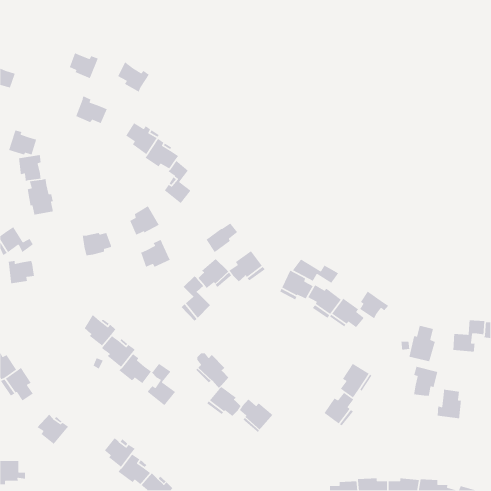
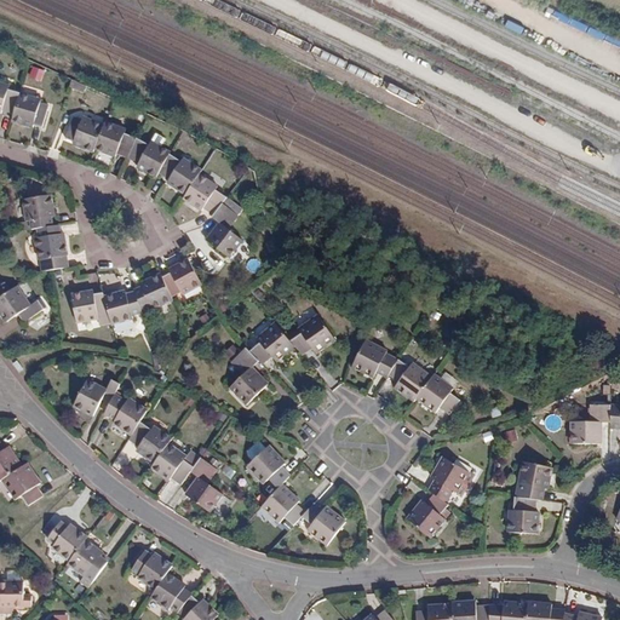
building: [69,52,99,79] -> [65,117,103,151]
building: [117,61,150,93] -> [127,137,168,177]
building: [8,129,37,155] -> [11,93,47,126]
building: [206,223,238,253] -> none
building: [140,239,171,268] -> [133,272,172,309]
building: [292,258,339,284] -> none
building: [8,260,35,284] -> [71,292,105,322]
building: [359,290,389,320] -> none
building: none -> [73,379,122,415]
building: [408,325,436,362] -> none
building: [437,388,462,419] -> [507,495,539,534]
building: none -> [67,539,107,578]

